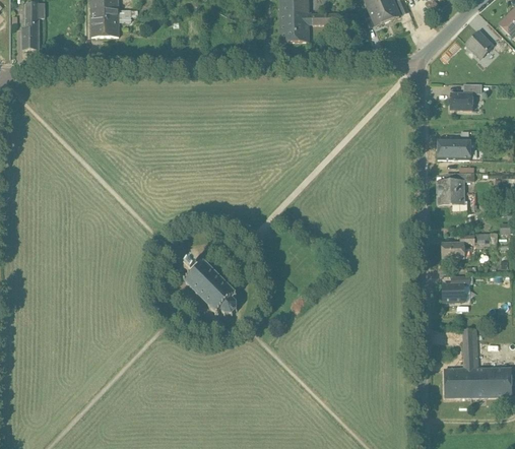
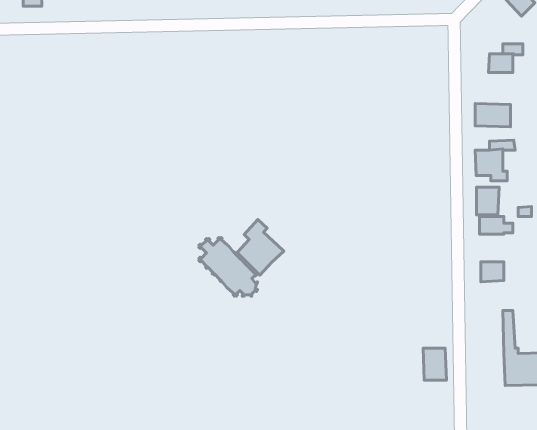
building: none -> [476,187,499,215]
building: none -> [237,220,284,275]
building: [444,367,465,396] -> [423,348,446,380]

